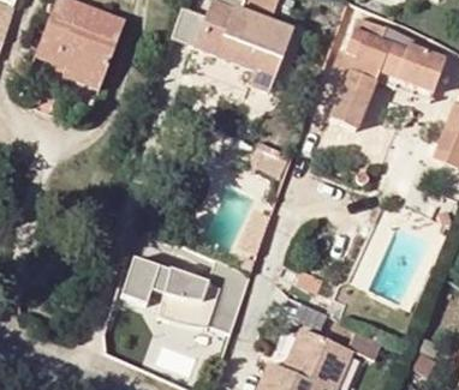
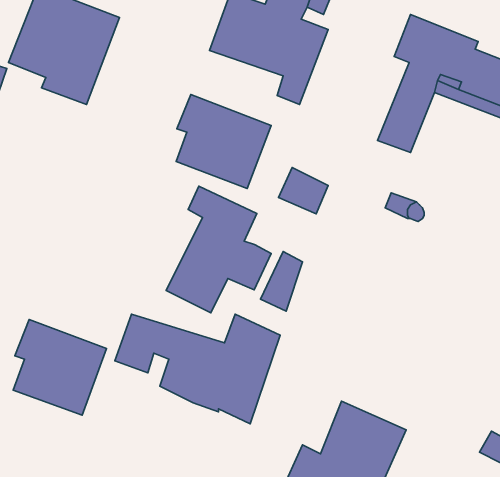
building: none -> [176,94,271,188]
building: none -> [166,186,271,313]
building: none -> [13,319,107,415]

